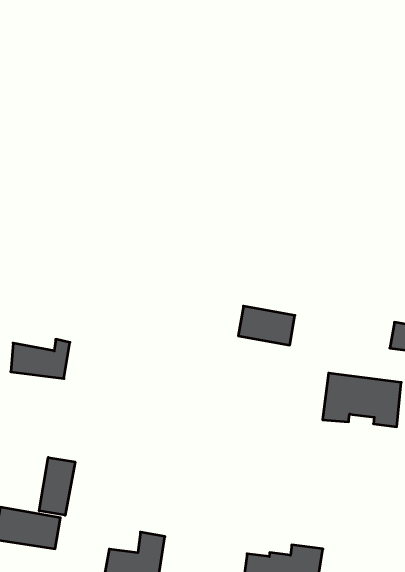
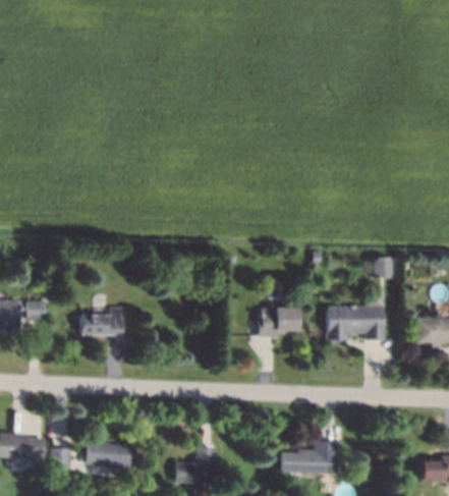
building: [238,306,295,345] -> [256,309,297,334]
building: [39,457,75,515] -> none

